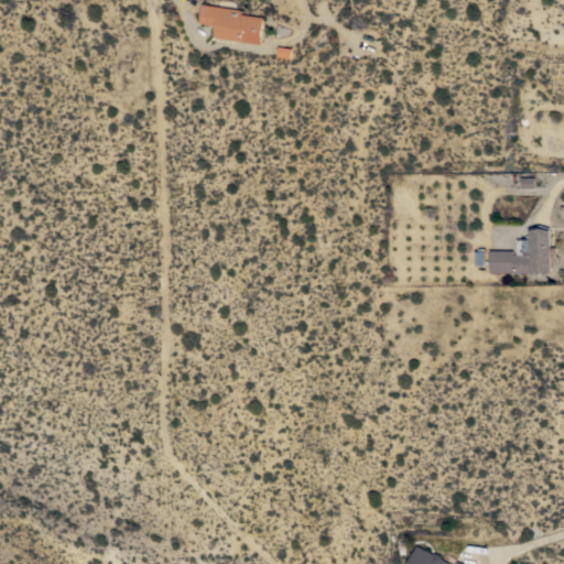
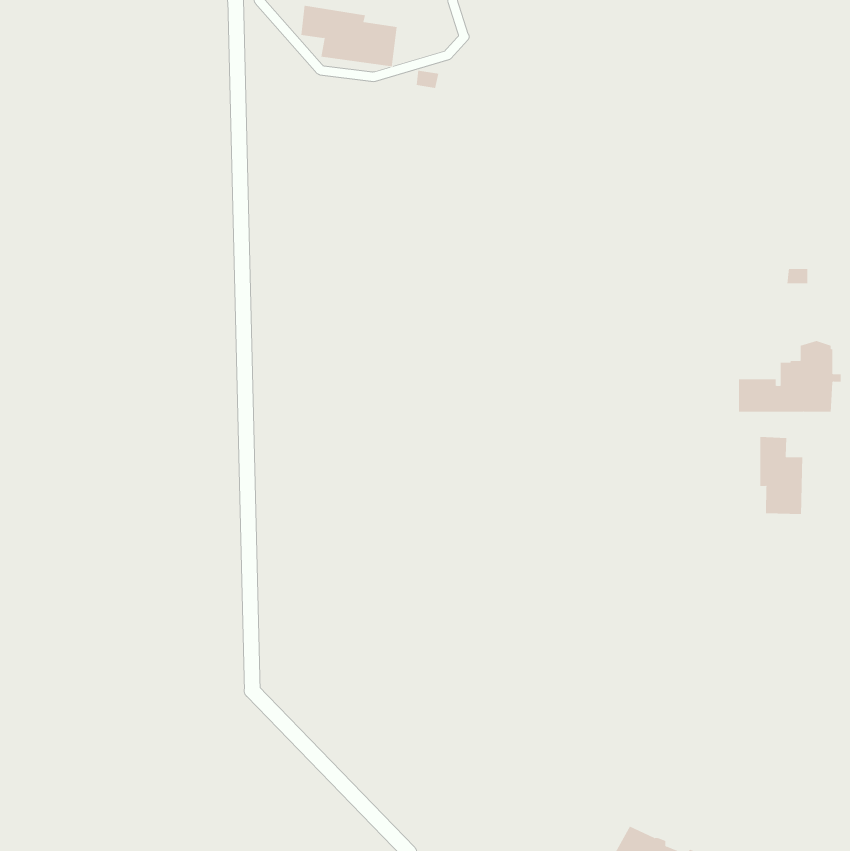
building: none -> [760,436,803,515]

